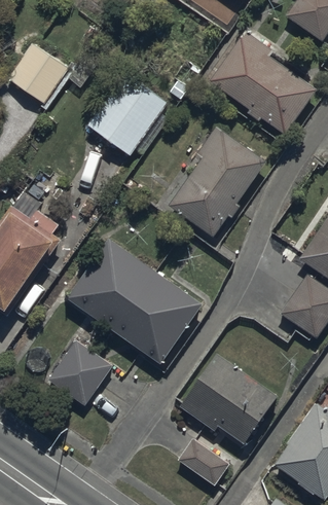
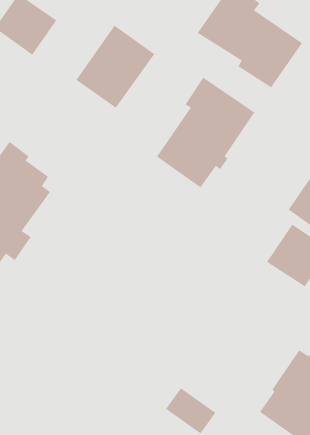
building: [68,238,205,365] -> none
building: [48,339,113,405] -> none
building: [179,349,276,438] -> none

